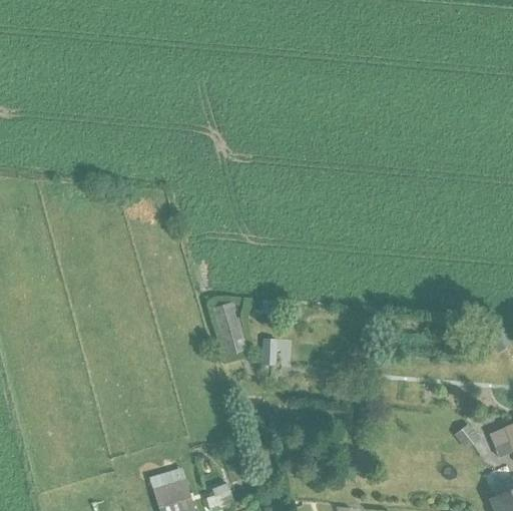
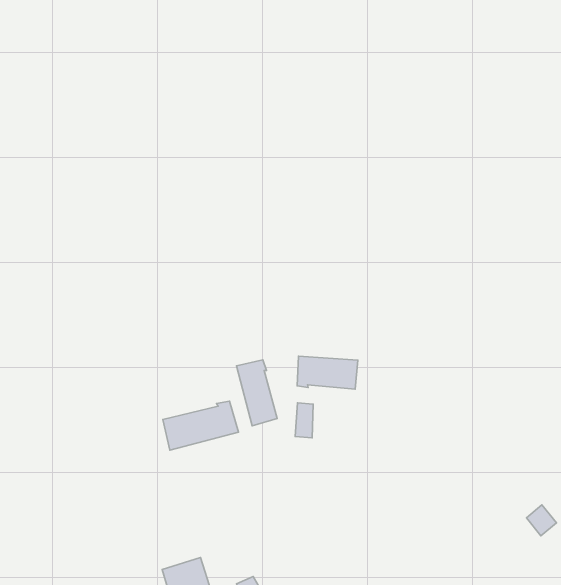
building: none -> [297,356,358,389]
building: none -> [163,401,239,450]

